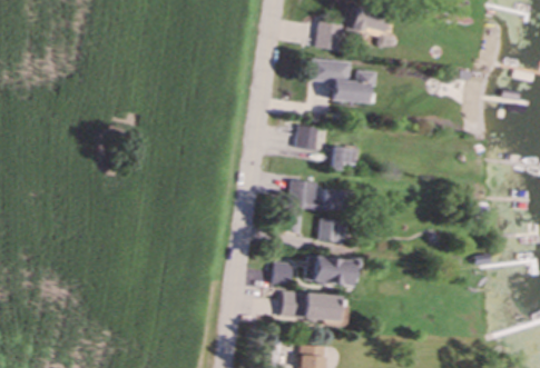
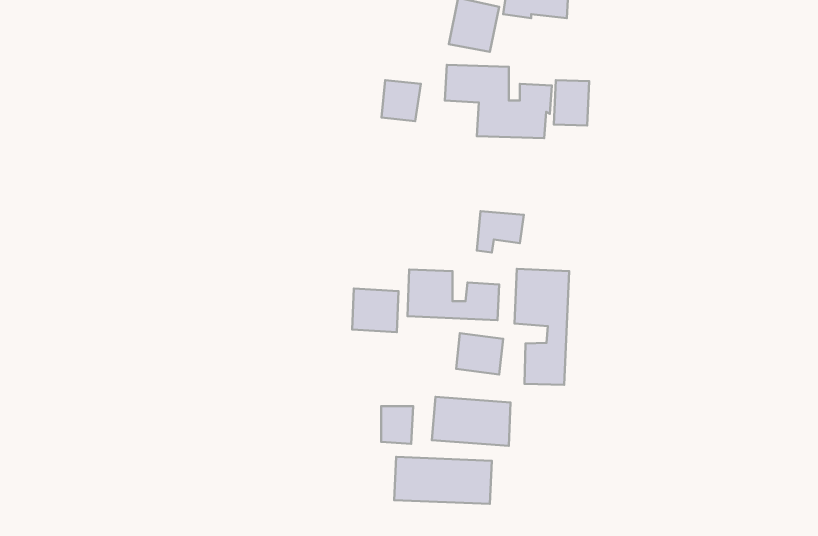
building: none -> [554,80,589,125]
building: [296,125,320,149] -> [381,80,421,121]
building: none -> [515,269,569,385]
building: none -> [352,288,399,332]

